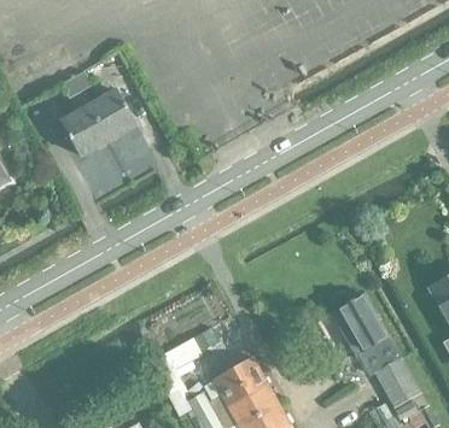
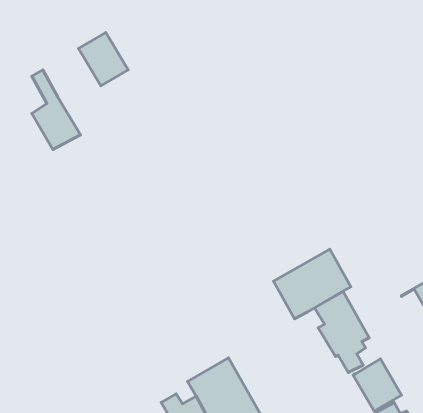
building: [86,89,134,141] -> [78,32,128,86]
building: none -> [273,249,351,319]

